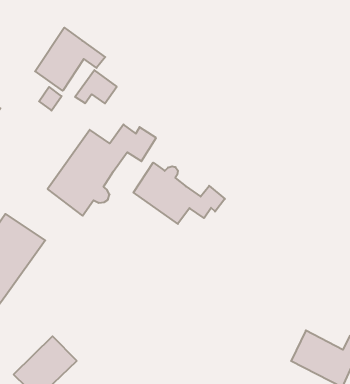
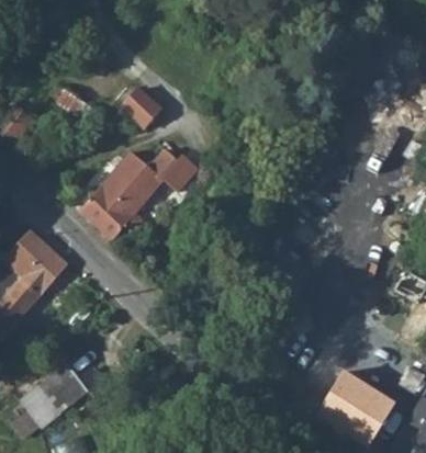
building: [35,28,105,91] -> none
building: [133,163,225,224] -> none

